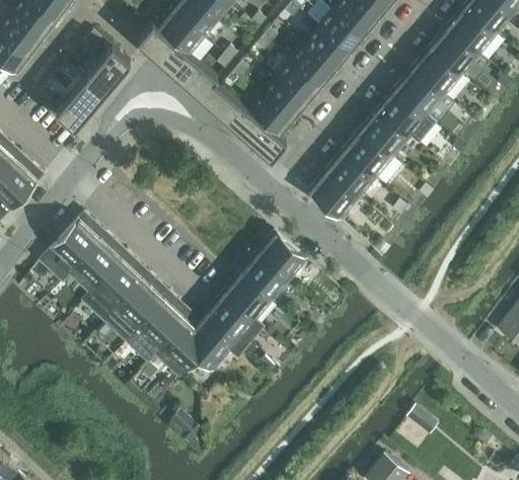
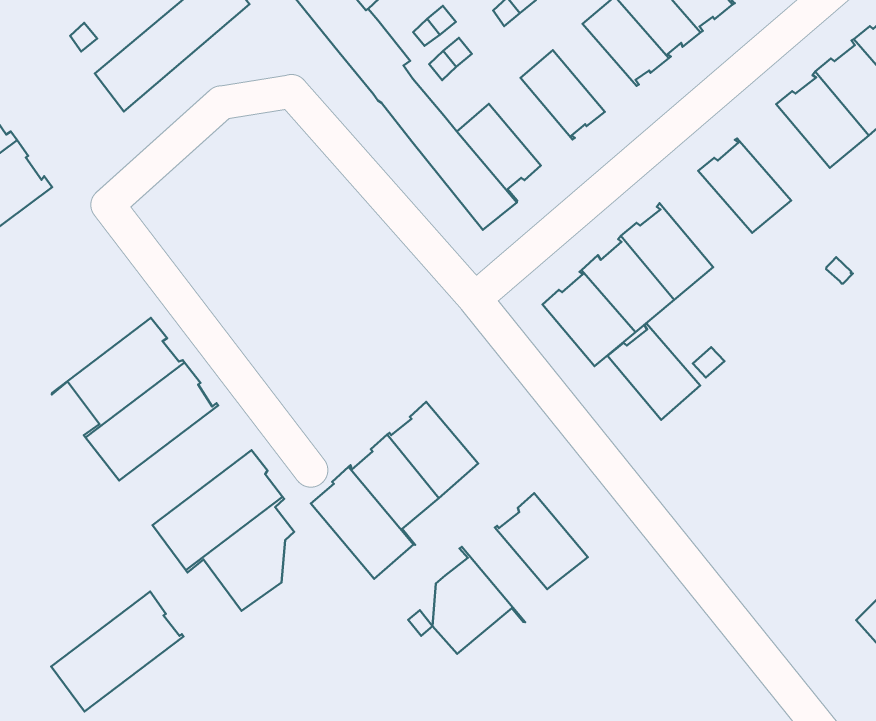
building: [291,43,338,86] -> none
building: [394,67,445,115] -> none
building: [263,76,309,119] -> none
building: [360,108,411,157] -> [608,323,700,420]
building: [40,213,106,281] -> none
building: [256,231,307,279] -> [495,493,588,589]
building: [104,272,170,340] -> [51,592,183,711]
building: [196,315,245,371] -> [433,547,525,654]

